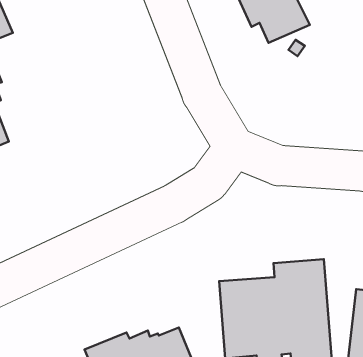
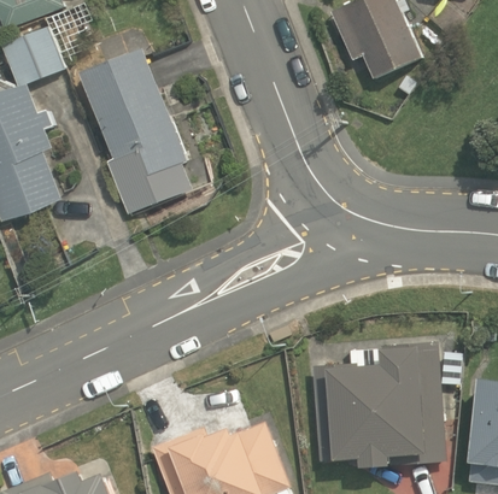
building: none -> [78,49,191,214]

